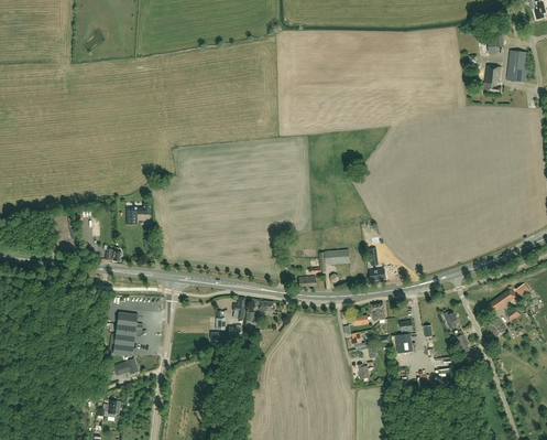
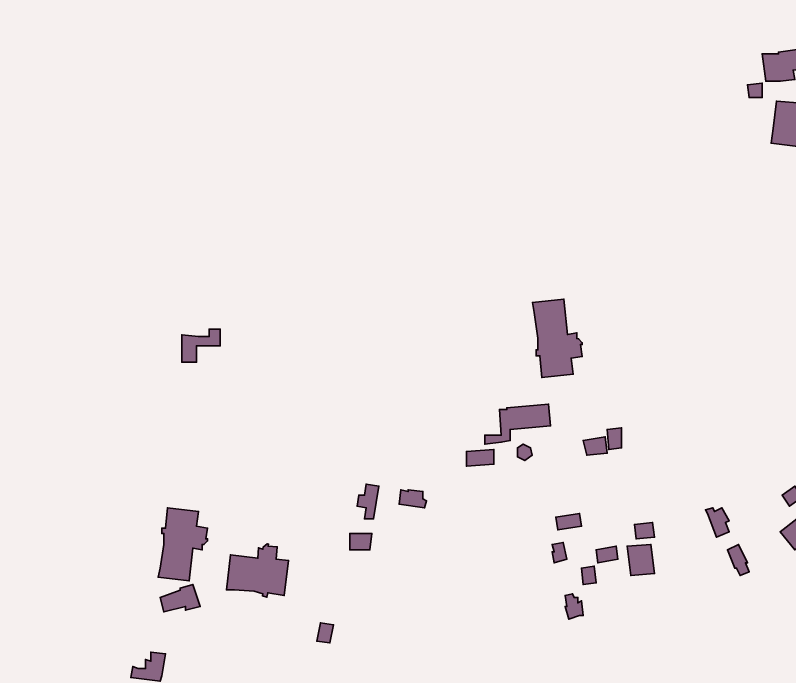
building: none -> [532,299,582,378]
building: none -> [227,544,288,597]

